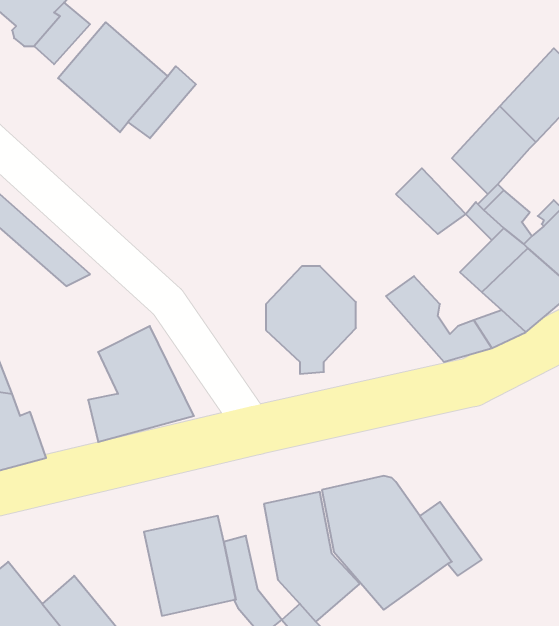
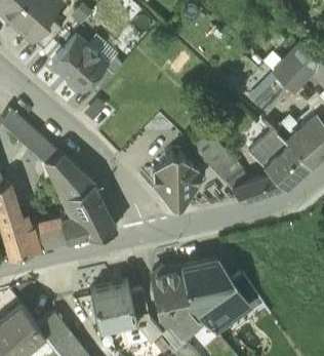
building: [396,168,466,234] -> [194,135,230,169]
building: none -> [51,158,94,198]
building: none -> [33,223,68,252]

